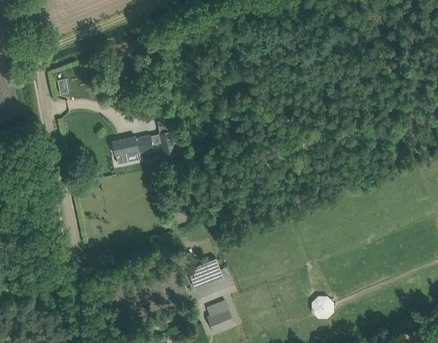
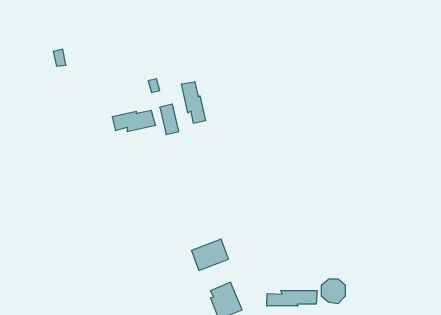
building: none -> [181,82,206,123]
building: none -> [267,290,317,306]

